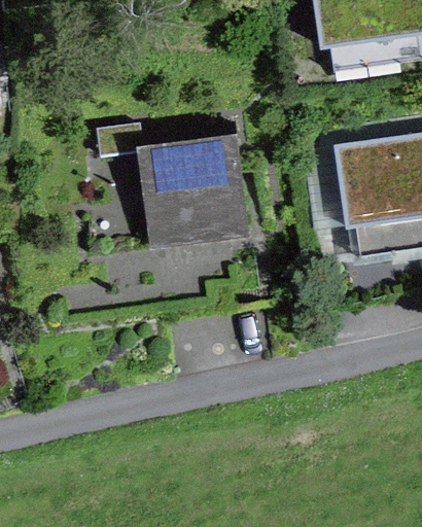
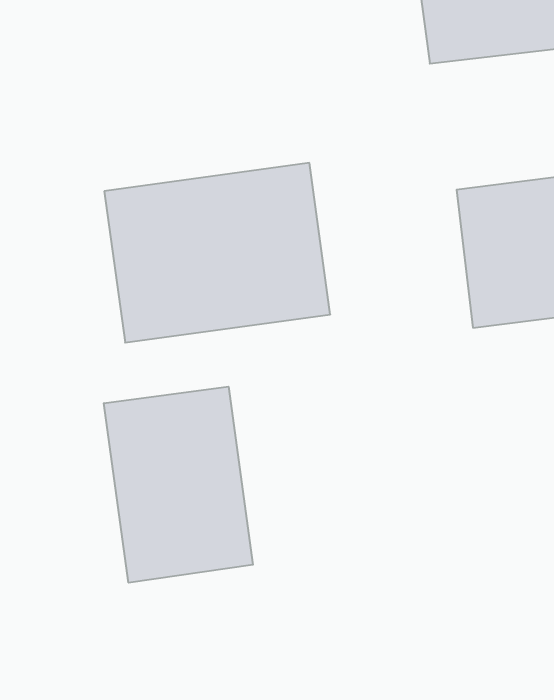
building: none -> [104,387,253,583]

